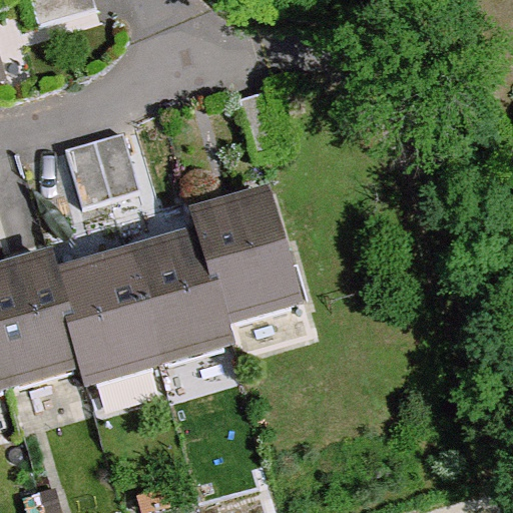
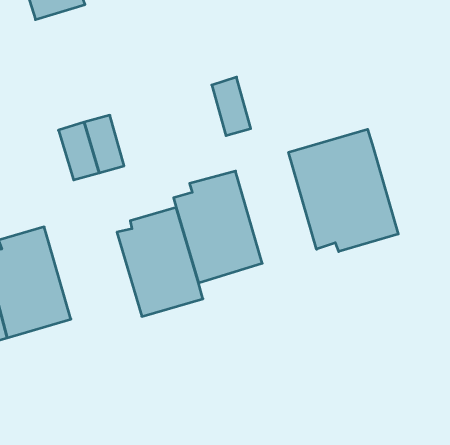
building: none -> [289,129,398,252]
building: [55,261,160,380] -> none

